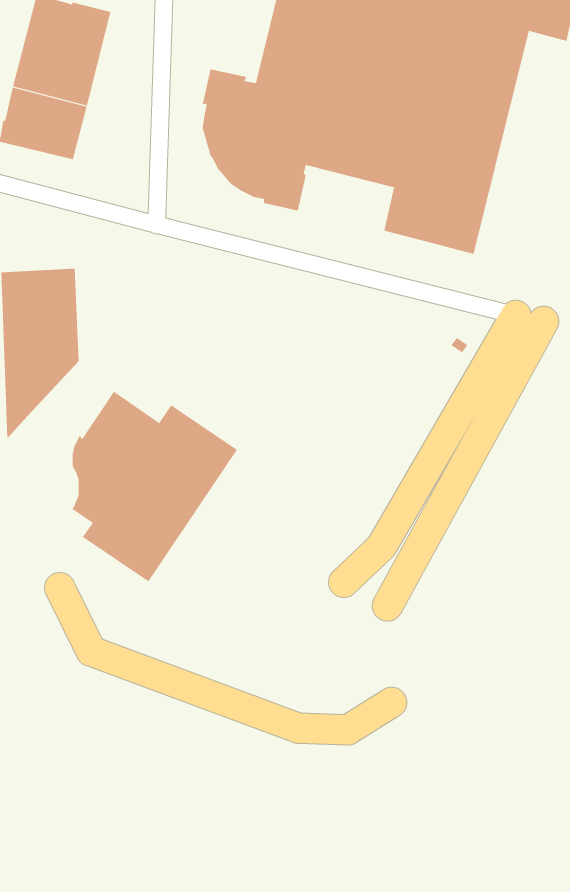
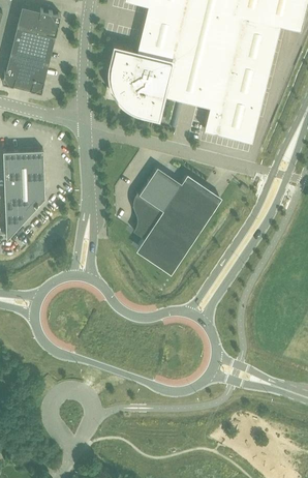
building: [72,391,238,582] -> [133,170,220,270]

